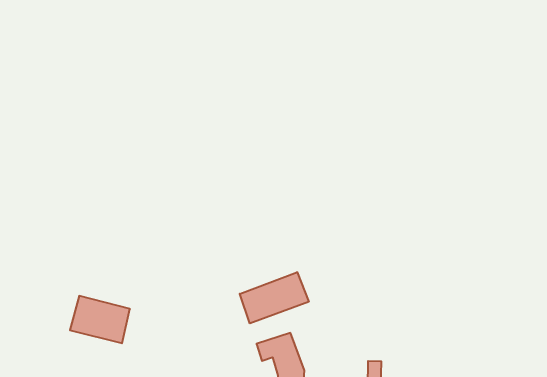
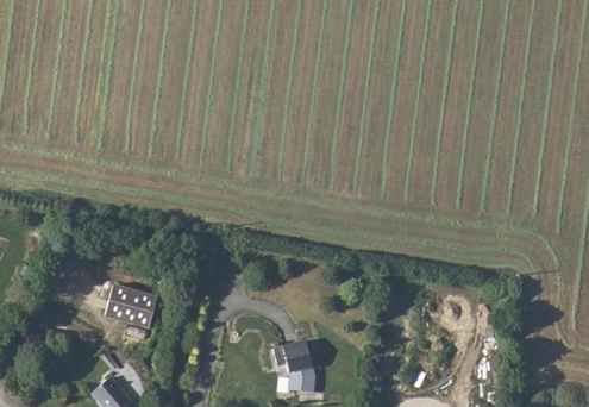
building: [240,272,309,323] -> none

